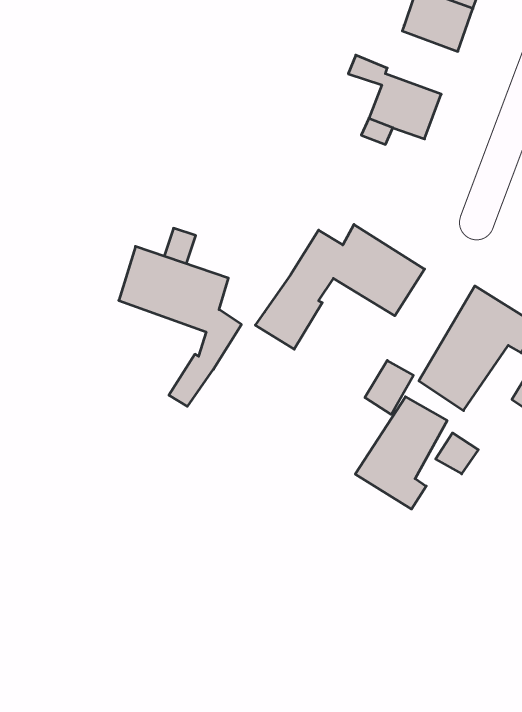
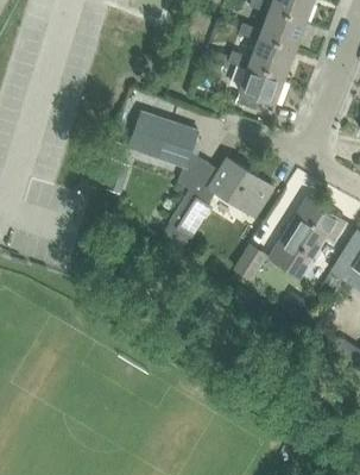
building: none -> [236,23,296,75]
building: [119,246,241,406] -> [128,112,207,214]
building: [355,397,447,509] -> none

